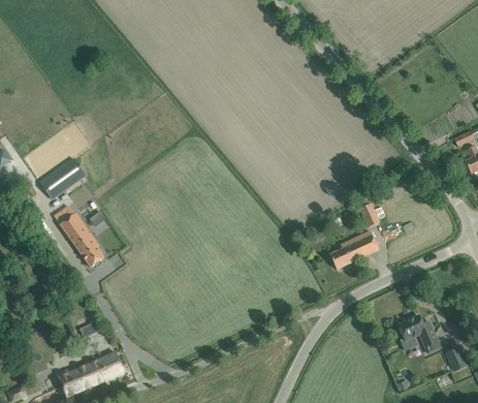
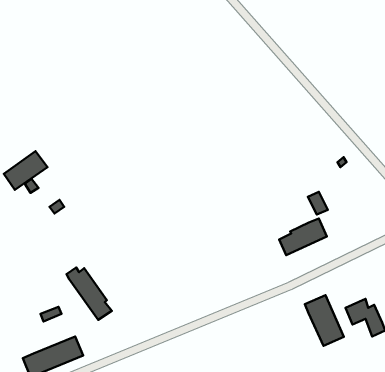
building: [56,211,103,266] -> [66,267,112,320]
building: none -> [305,295,344,346]

